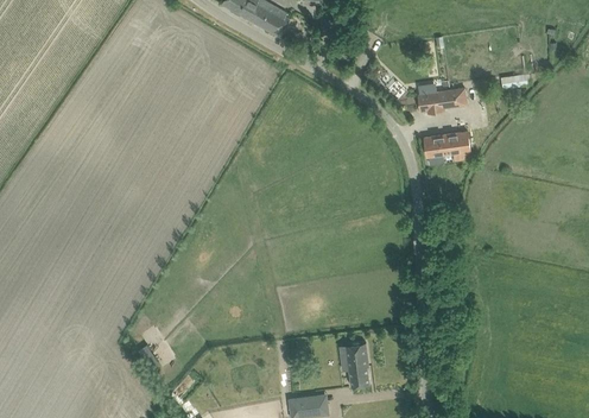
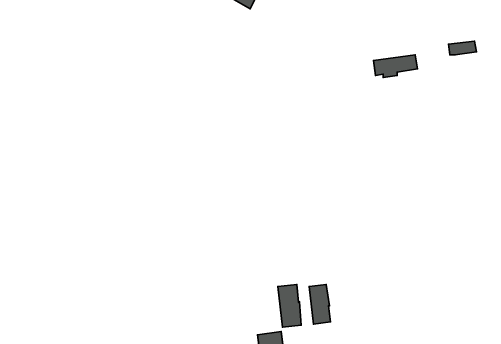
building: [423,131,470,159] -> none
building: none -> [278,285,301,327]

